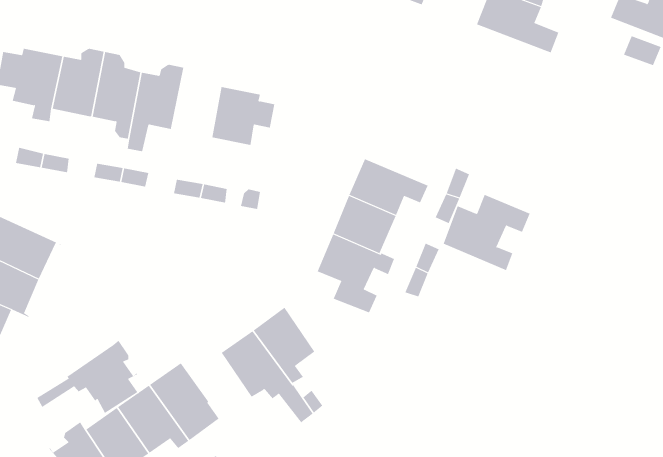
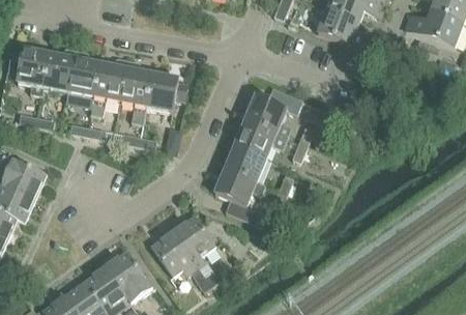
building: none -> [120,60,152,123]
building: [443,194,531,271] -> [245,87,302,137]
building: [36,340,138,414] -> none

